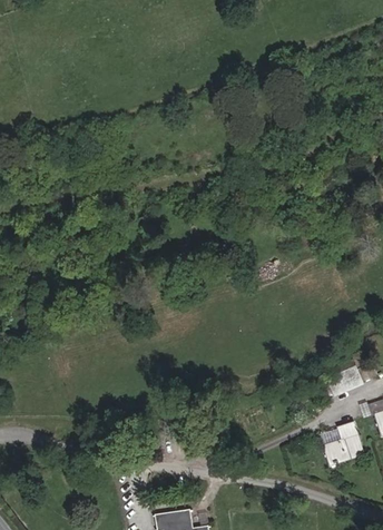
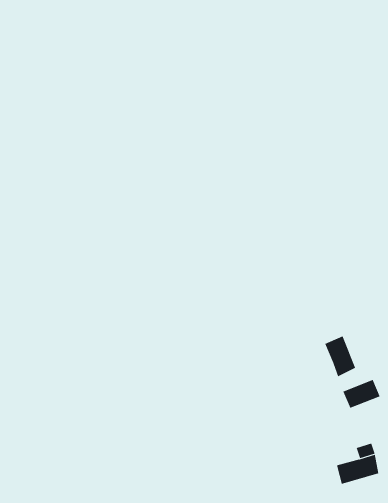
building: none -> [324,336,356,377]

